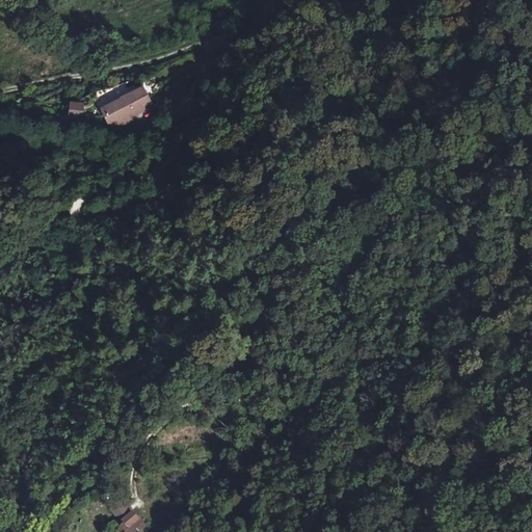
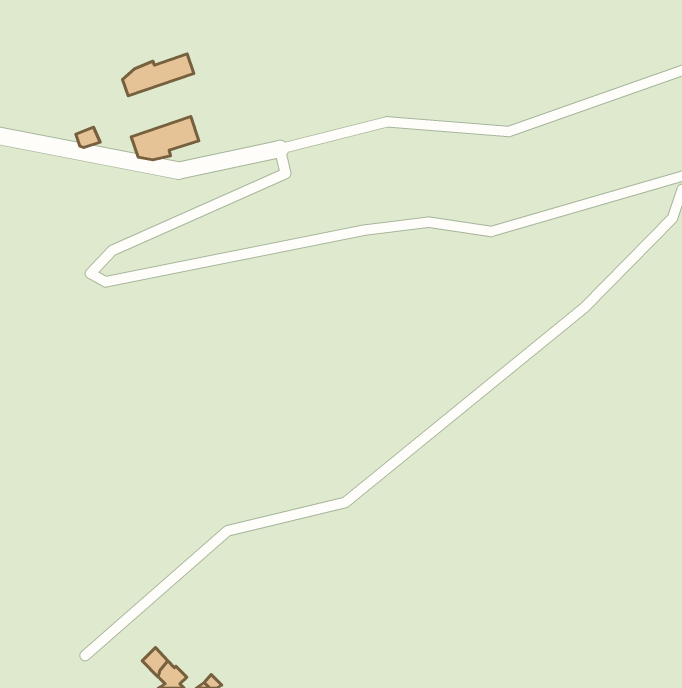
building: none -> [123,54,194,96]

